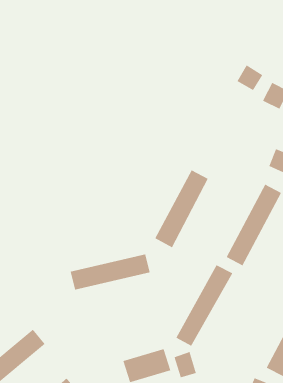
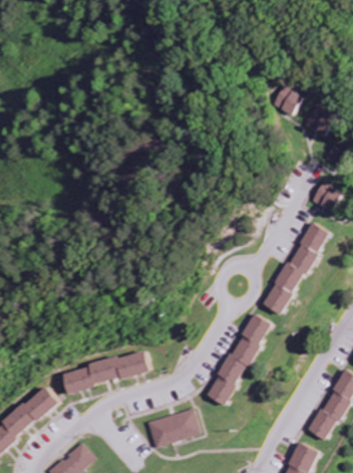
building: [155,170,209,248] -> none
building: [70,254,150,290] -> [60,350,151,392]
building: [174,351,197,378] -> none

